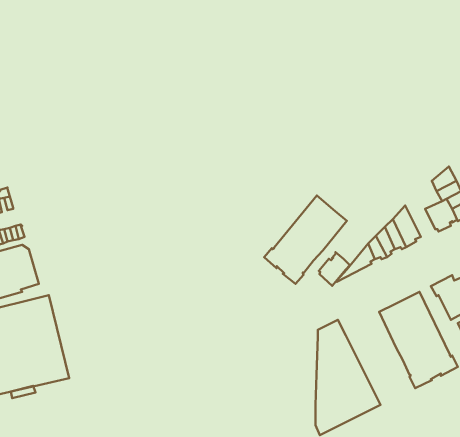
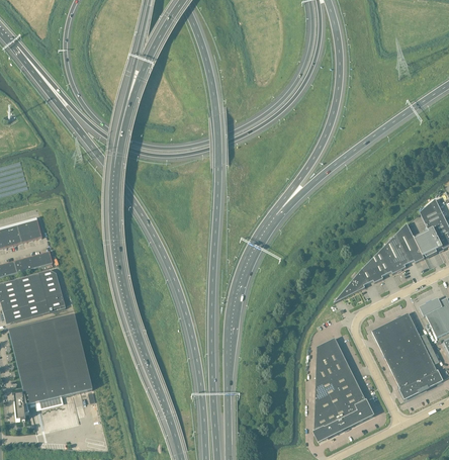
building: none -> [395,222,424,262]
building: [264,196,347,284] -> none
building: [319,252,350,286] -> none

